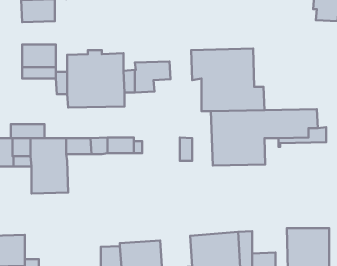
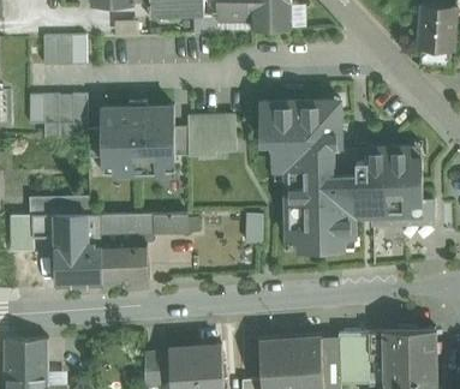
building: none -> [353,146,422,179]
building: none -> [102,241,148,285]
building: none -> [339,333,369,363]

